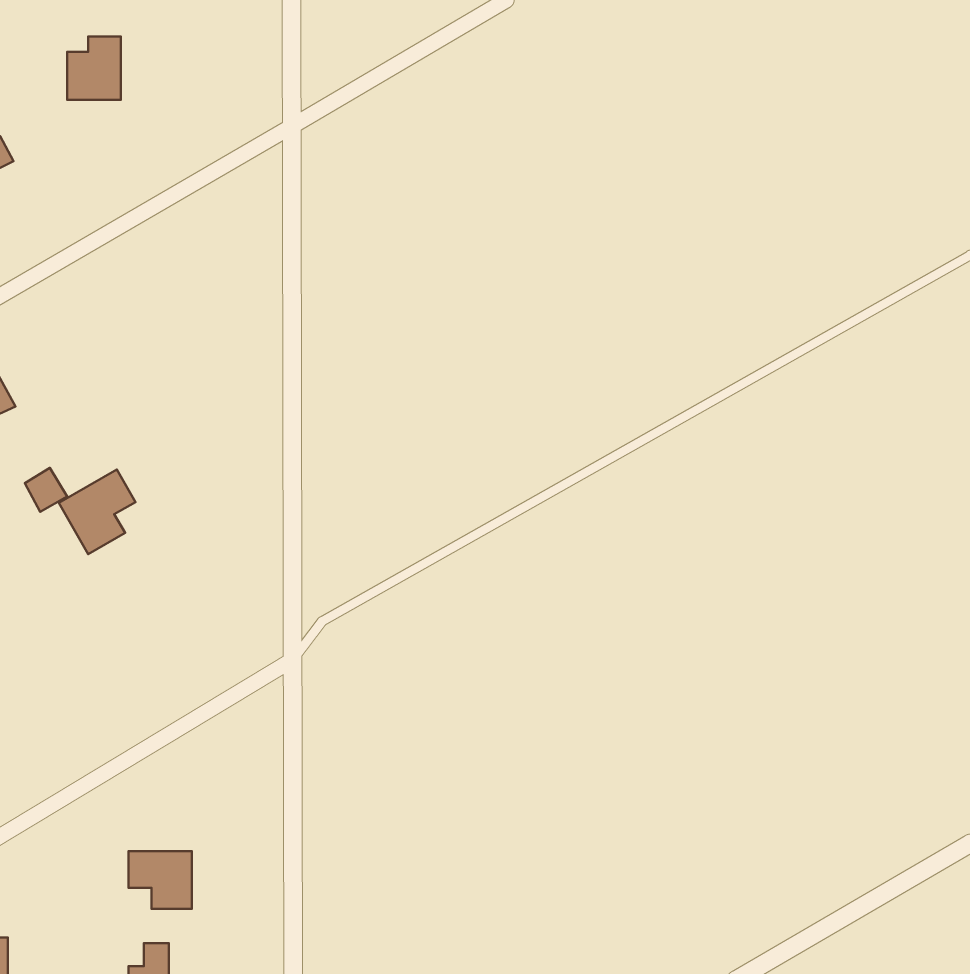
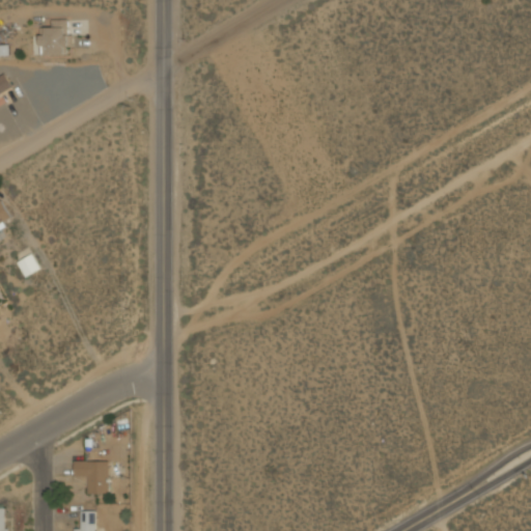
building: [59,470,135,554] -> none

